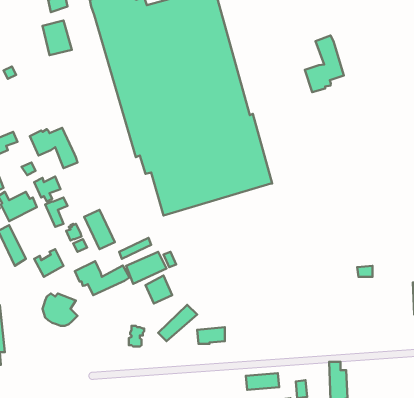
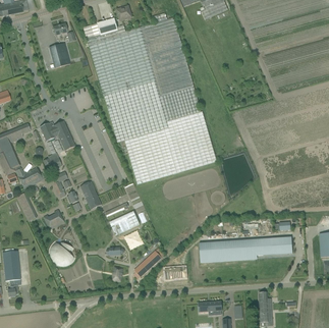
building: [305,36,344,92] -> none
building: [75,261,129,295] -> none
building: none -> [200,236,292,262]

